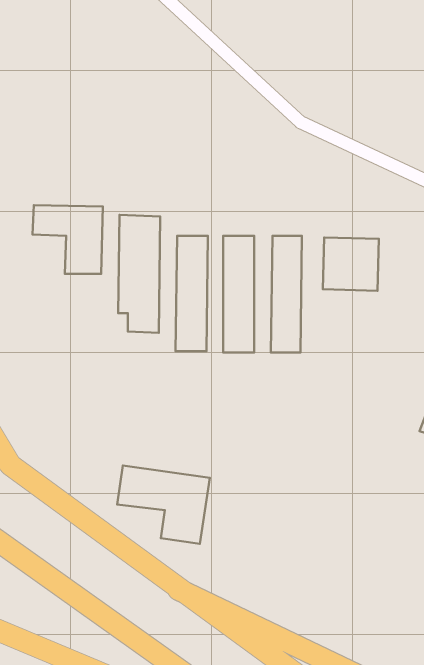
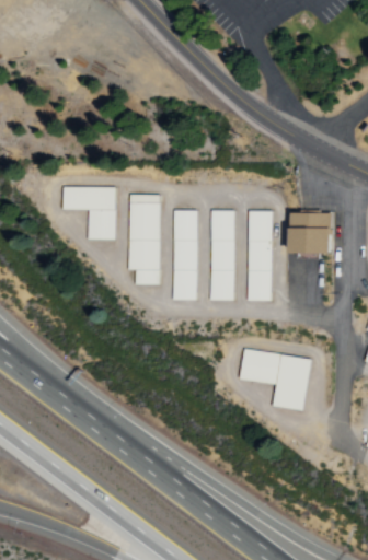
building: [117,465,210,544] -> [239,349,311,410]

